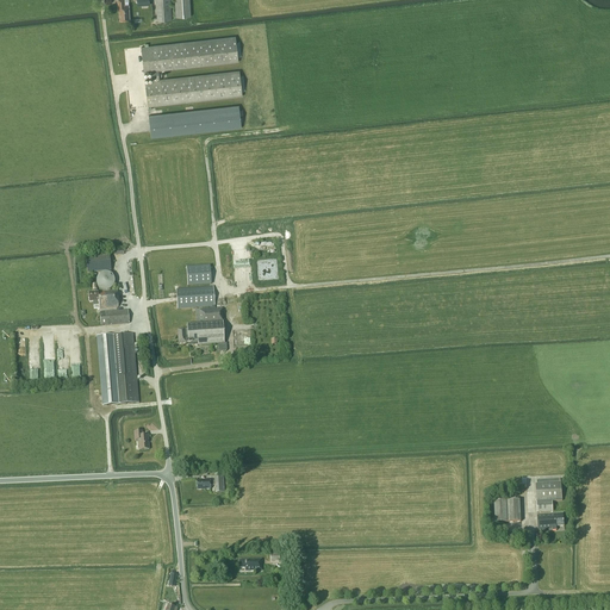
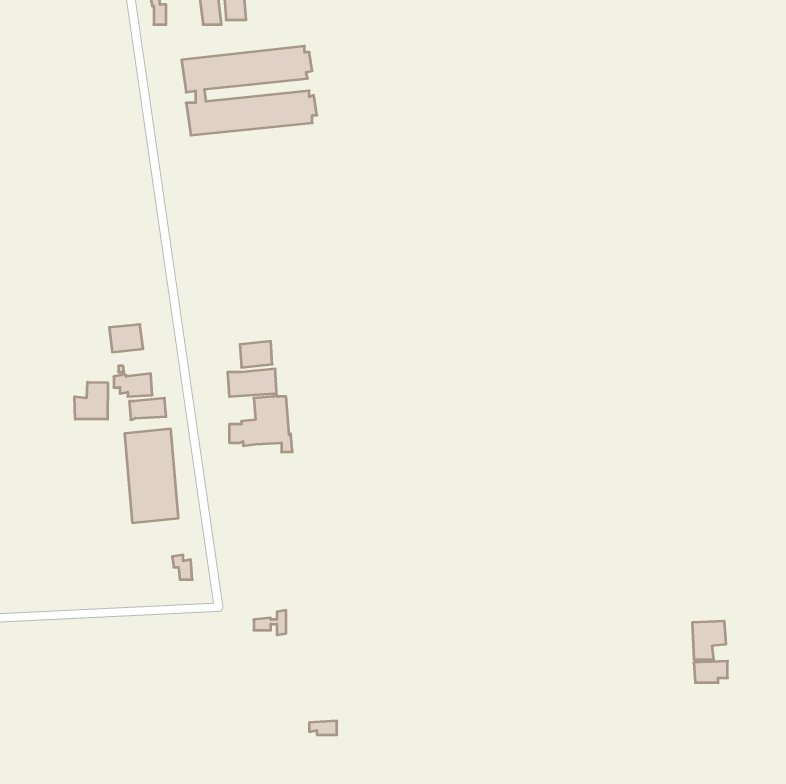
building: [149,104,243,136] -> none
building: none -> [75,382,108,419]
building: [494,498,521,522] -> none

